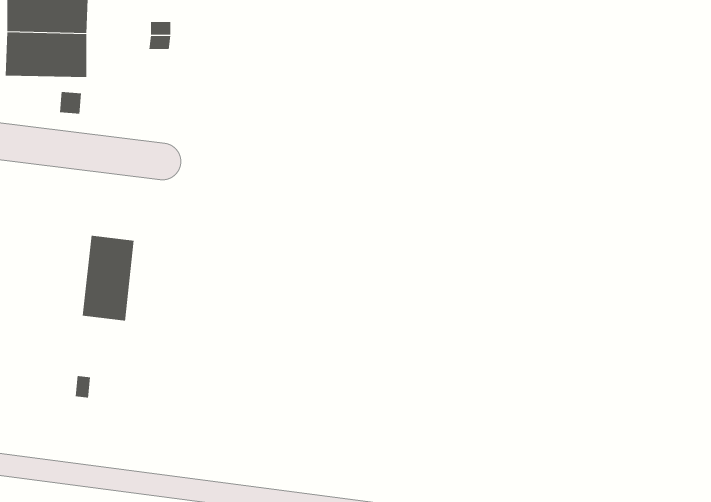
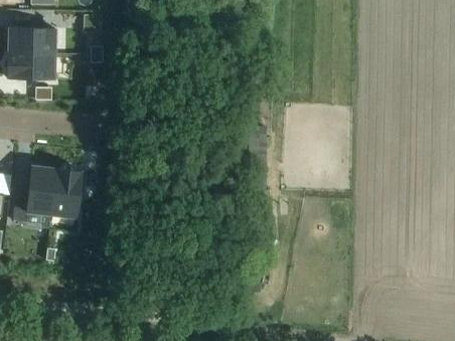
building: none -> [12,165,56,221]

